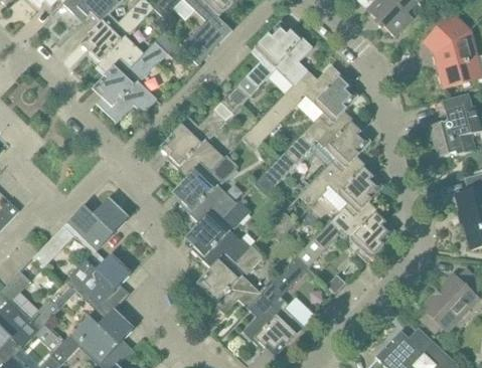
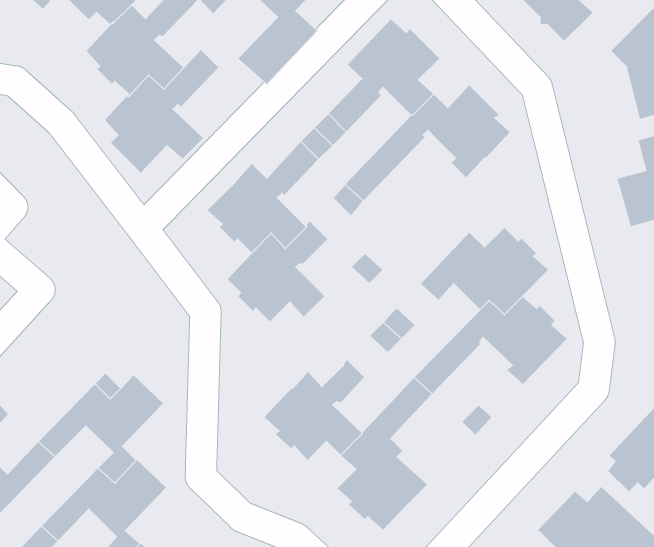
building: [273,112,371,176] -> none
building: [33,199,128,266] -> none
building: [185,199,252,264] -> none

